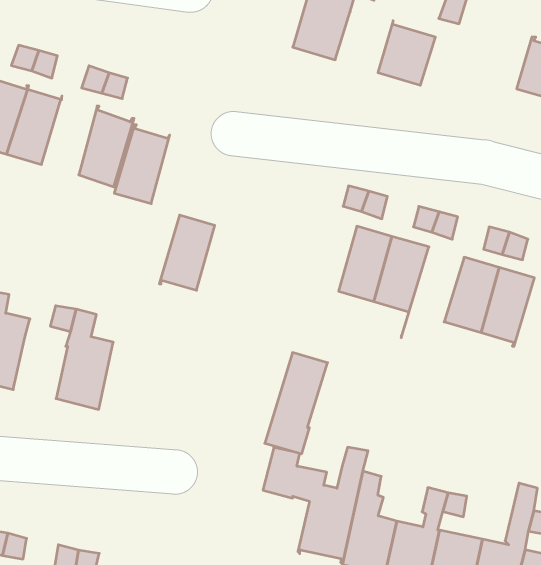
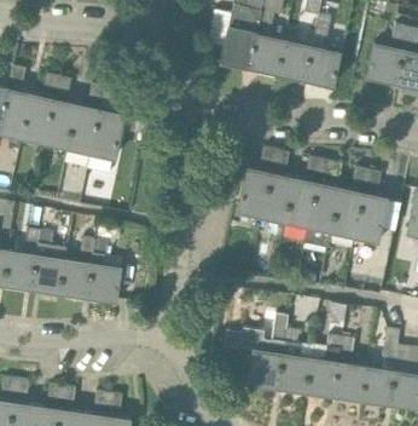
building: none -> [249,36,284,74]
building: none -> [304,48,339,86]
building: [114,125,170,204] -> [66,104,99,154]
building: [159,215,215,290] -> [238,168,271,215]
building: none -> [59,260,92,298]
building: [265,353,328,454] -> [304,183,341,247]

